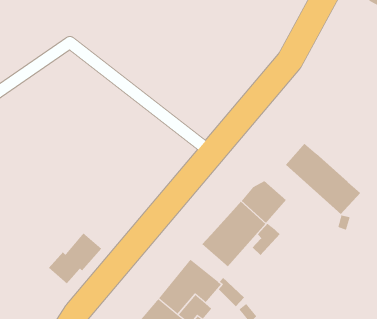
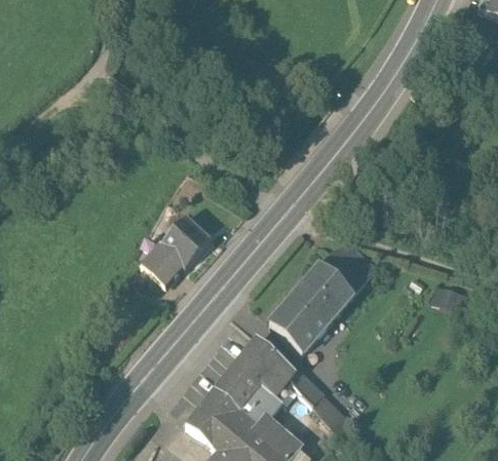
building: [285,143,361,215] -> none
building: [252,223,280,256] -> none
building: [48,233,102,284] -> [138,226,205,291]

